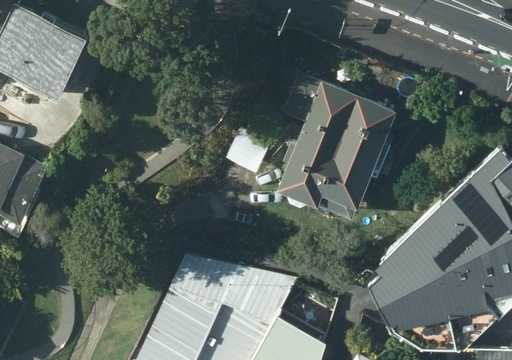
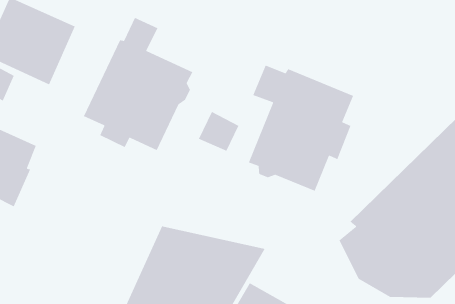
building: none -> [83,17,193,151]

